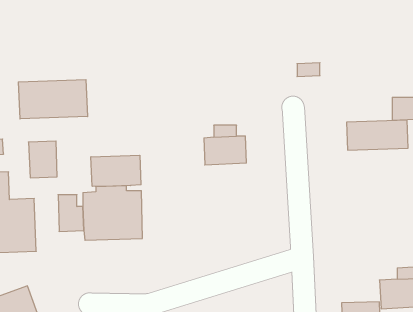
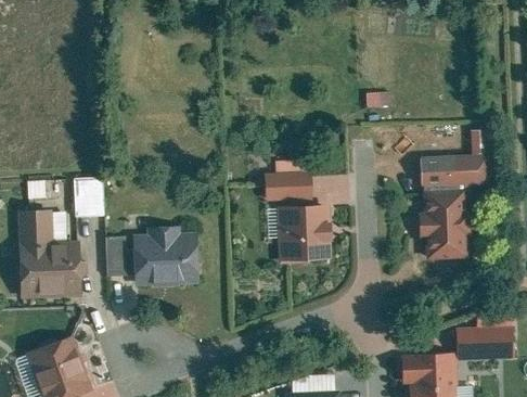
building: [18,80,88,119] -> none
building: none -> [419,189,473,259]
building: [91,155,141,186] -> none
building: none -> [277,205,332,261]

